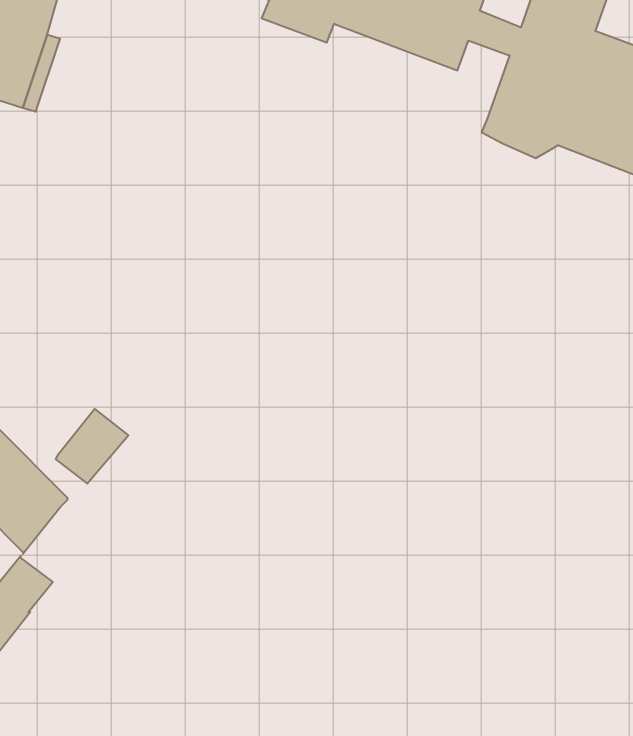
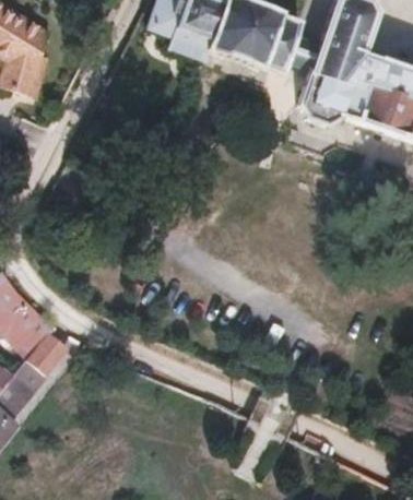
building: [56,409,128,484] -> [26,329,69,372]

